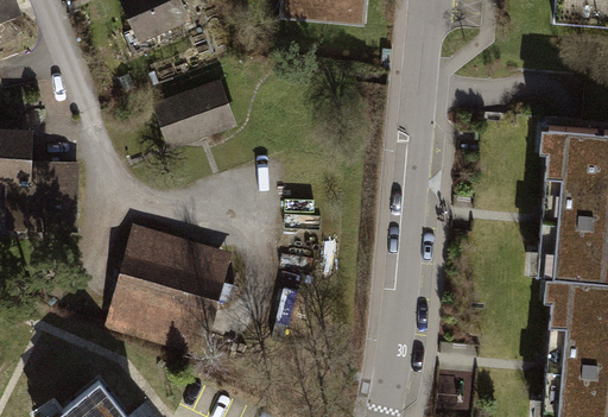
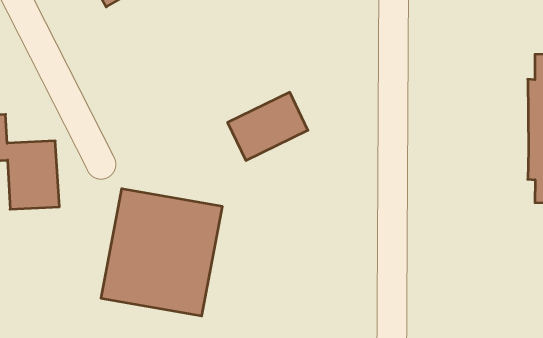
building: [157,84,235,147] -> [228,92,308,160]

